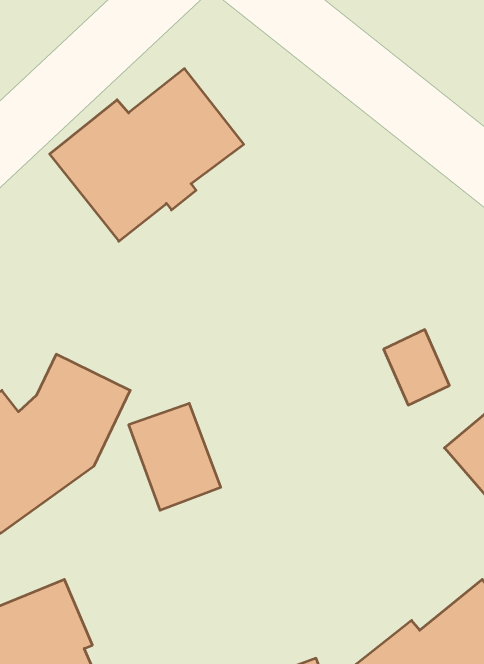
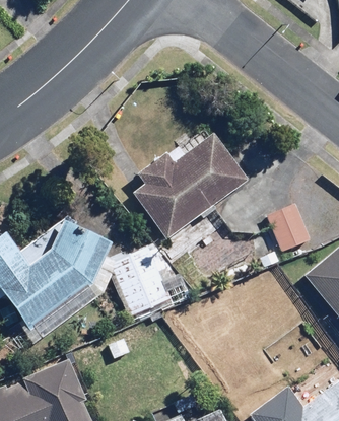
building: [50,69,244,241] -> [126,133,246,239]

